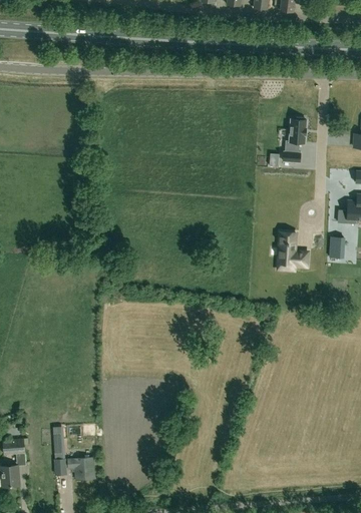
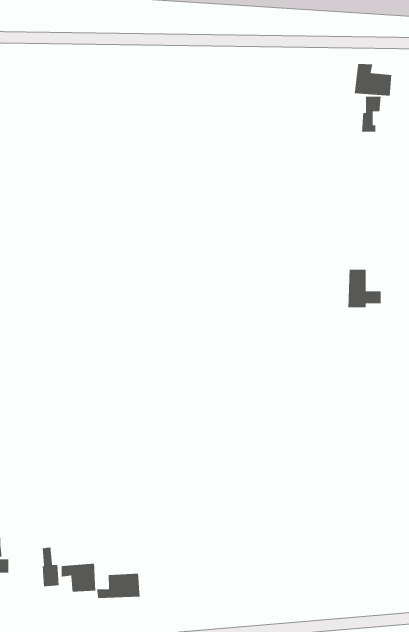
building: none -> [354,63,392,97]
building: none -> [96,573,141,599]

